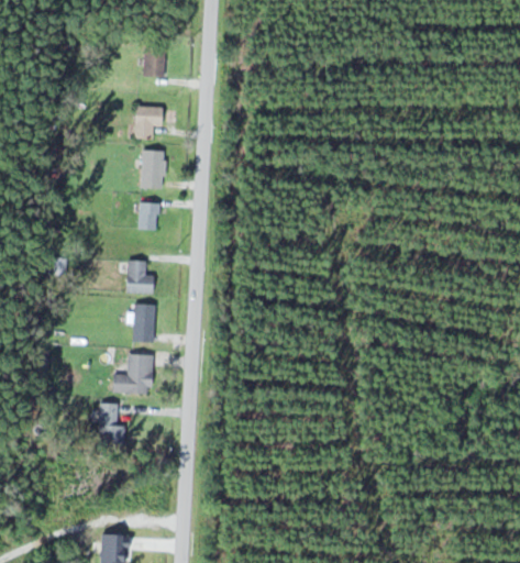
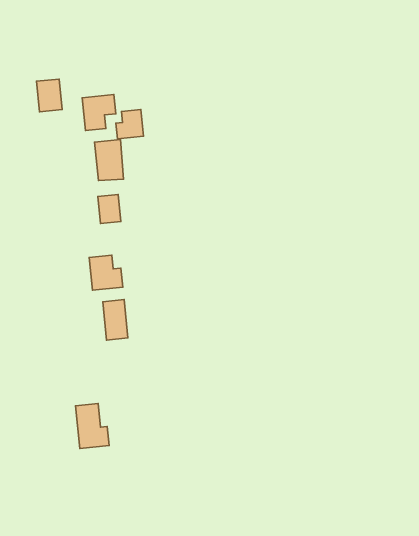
building: [143,46,165,76] -> [37,79,62,112]
building: none -> [116,110,143,139]
building: [111,354,152,394] -> none

